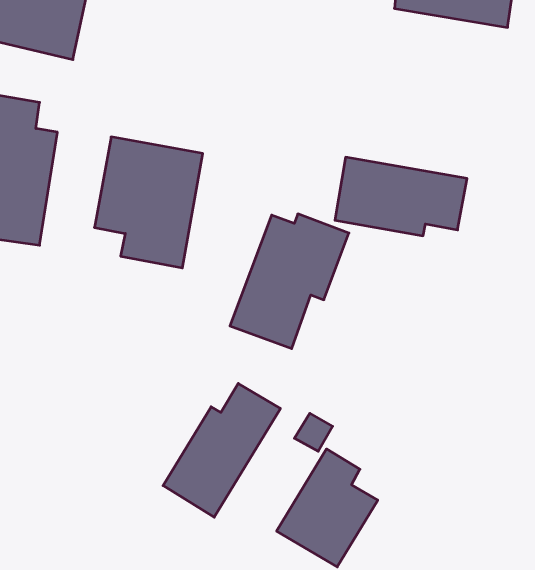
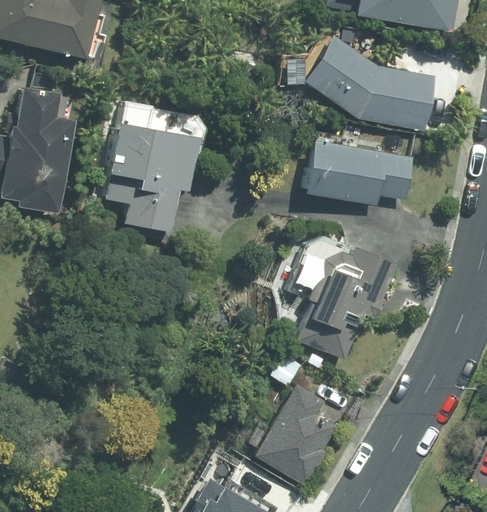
building: none -> [303,36,435,130]
building: [230,214,349,349] -> [295,246,395,359]
building: [163,383,280,517] -> none

